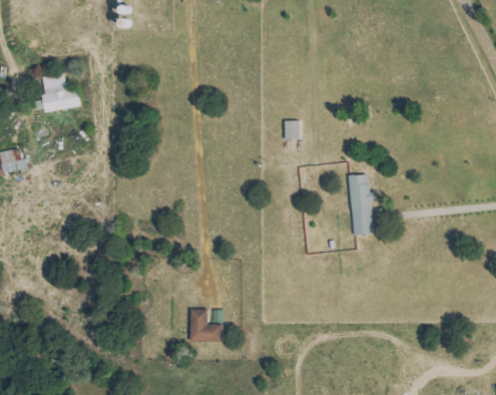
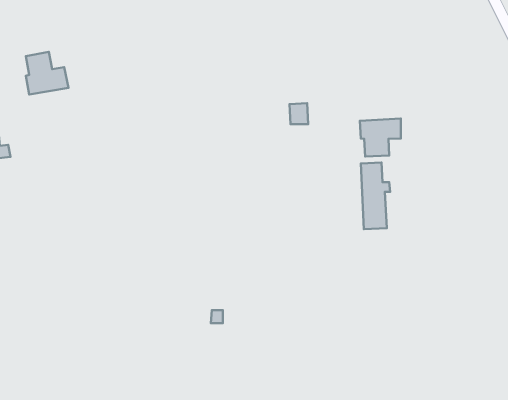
building: none -> [360,118,401,157]
building: [189,310,222,342] -> none

